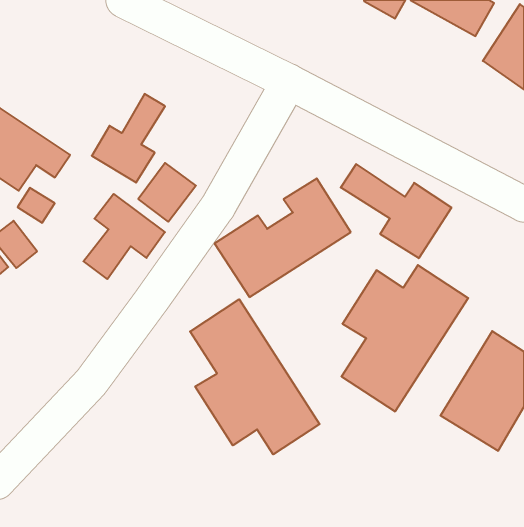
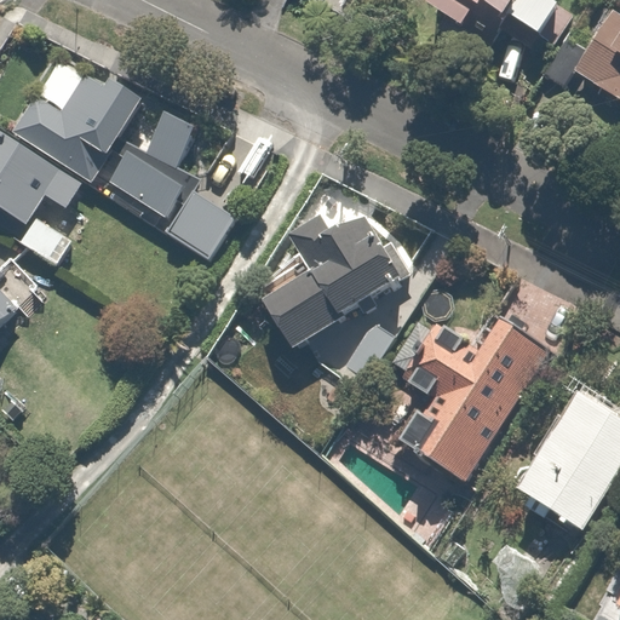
building: none -> [17,67,143,178]
building: [341,164,451,258] -> none
building: [83,194,165,279] -> none
building: [190,299,320,454] -> none

